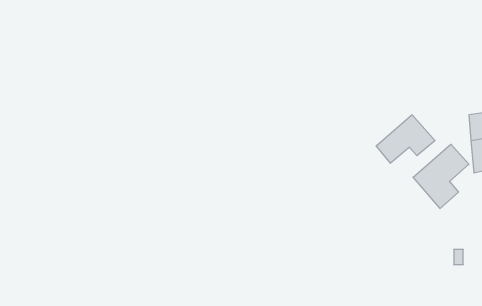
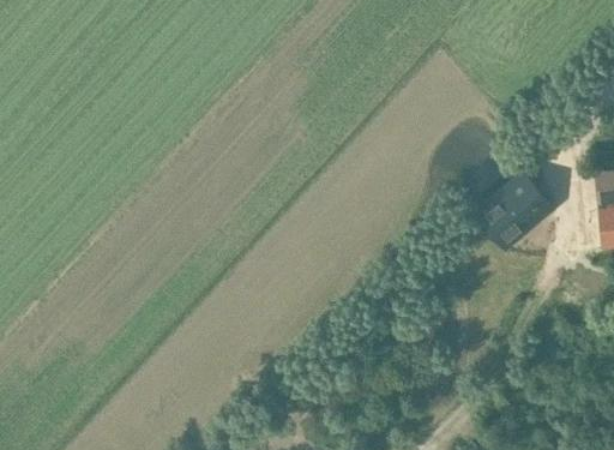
building: [413,144,469,209] -> none

